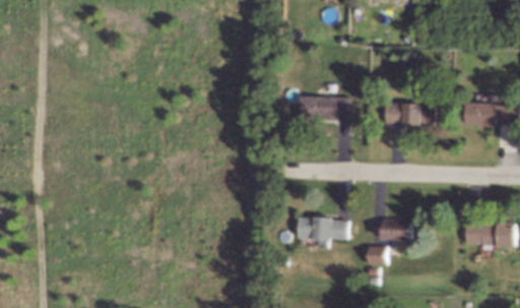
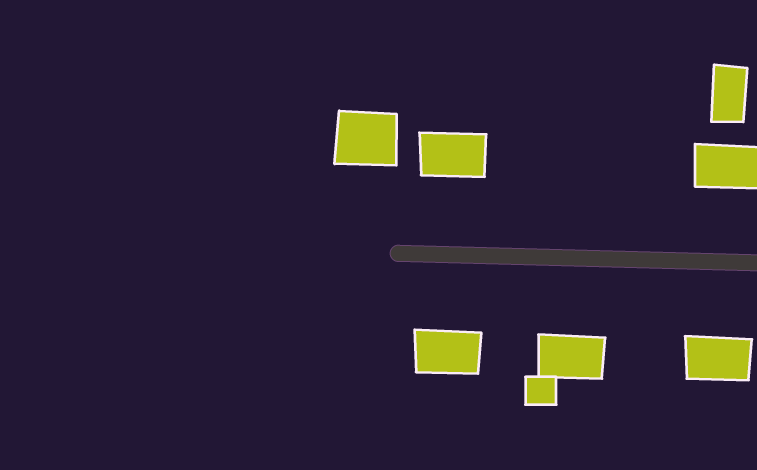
building: none -> [711,65,747,122]
building: none -> [335,111,396,165]
building: [389,100,431,127] -> none

